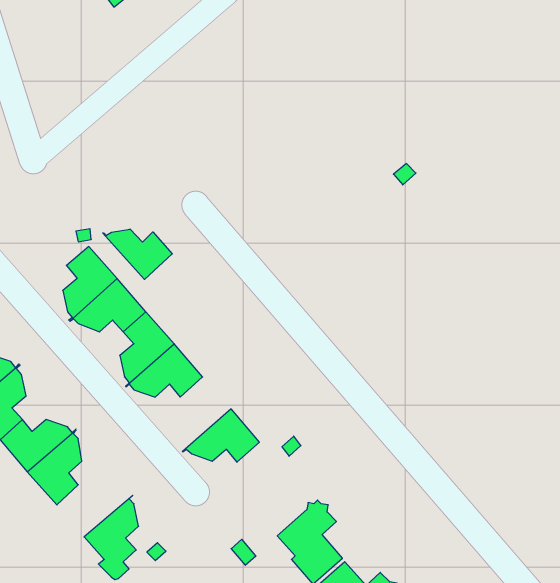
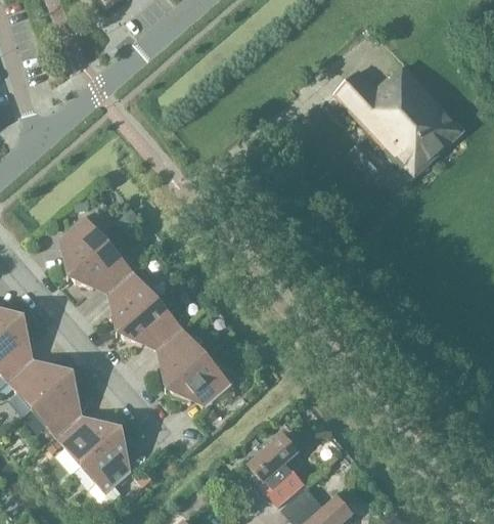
building: none -> [332,64,463,177]
building: [103,229,172,279] -> none
building: none -> [160,326,207,391]
building: none -> [46,420,122,465]

